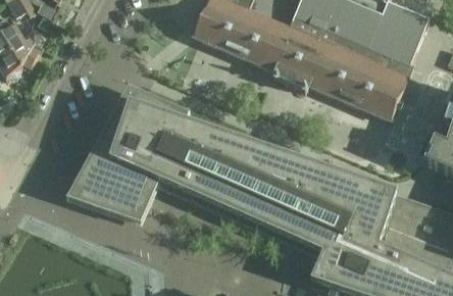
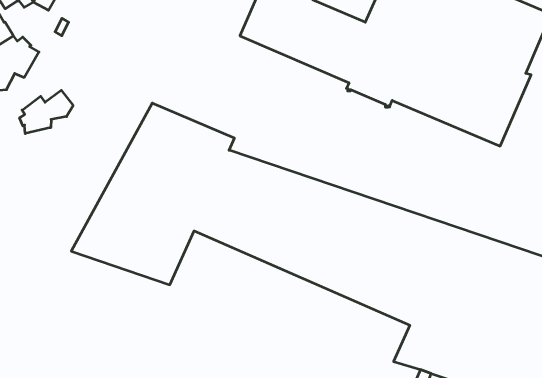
building: none -> [20,90,73,134]

